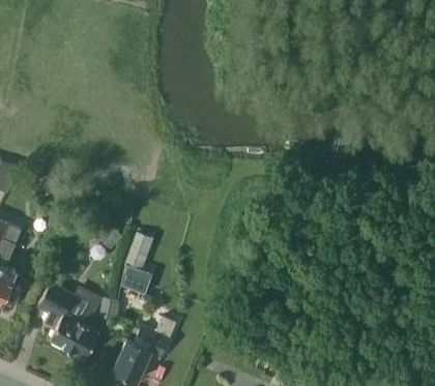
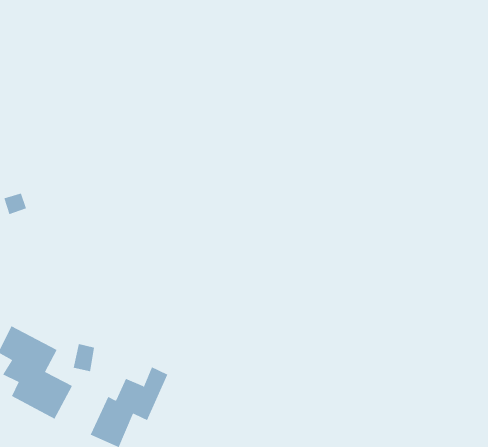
building: [121,233,153,294] -> none

